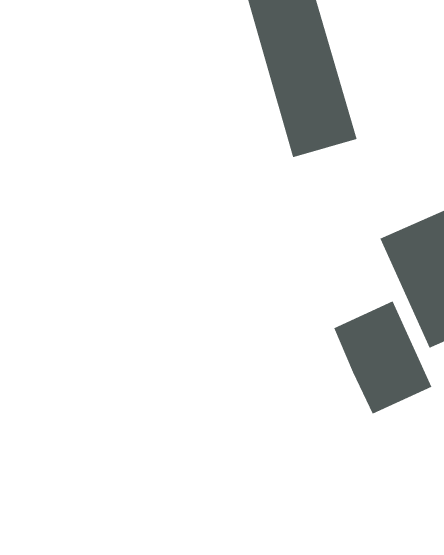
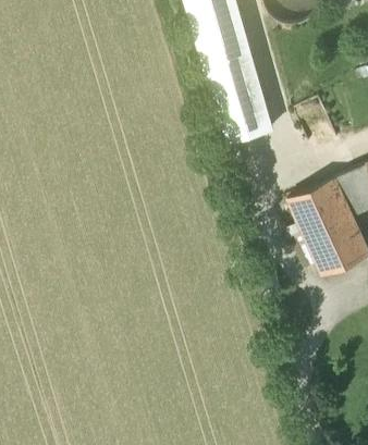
building: [333,301,432,415] -> none

